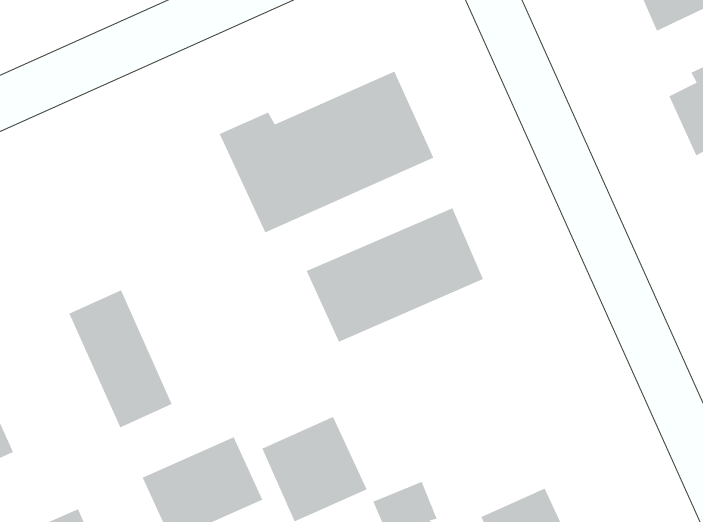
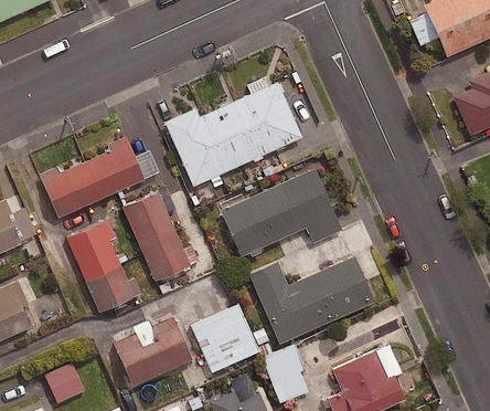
building: none -> [43,143,146,217]
building: none -> [122,190,191,282]
building: none -> [249,255,375,344]

